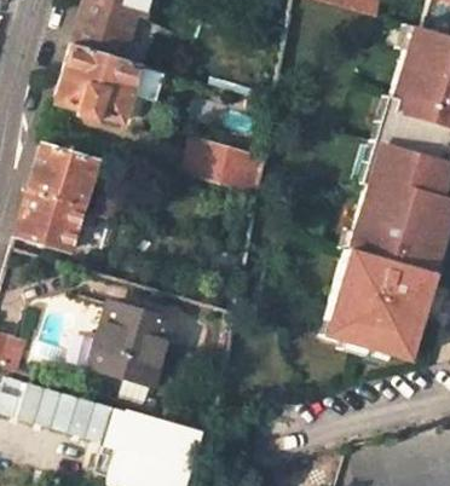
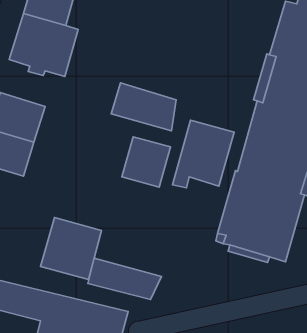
building: none -> [172,120,234,188]
building: none -> [122,137,170,187]
building: none -> [88,258,161,300]

